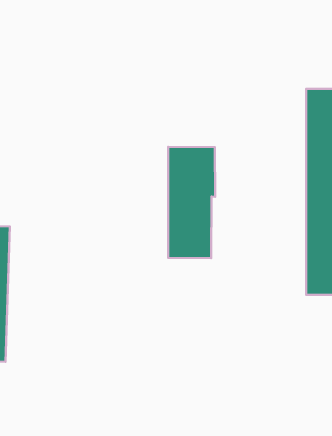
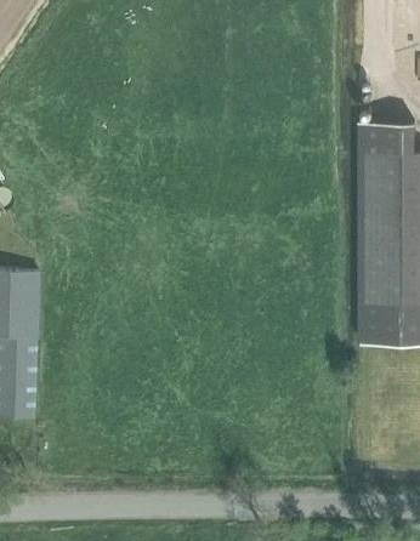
building: [168,147,215,258] -> none

